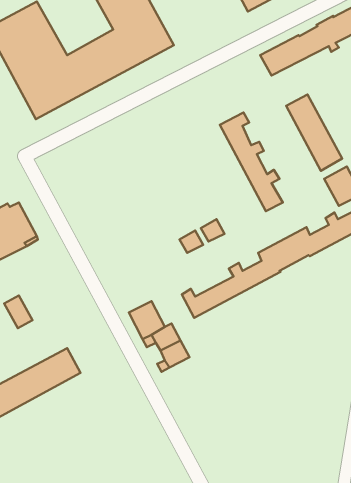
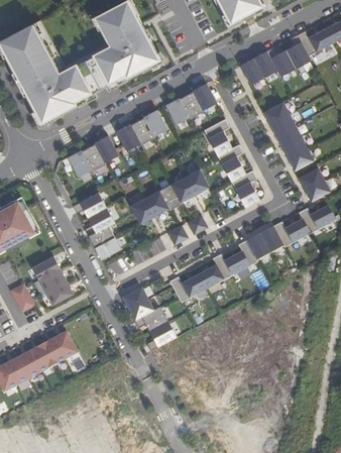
building: none -> [165,84,216,124]
building: none -> [116,110,166,150]
building: none -> [67,136,118,177]
building: none -> [130,168,209,223]
building: none -> [73,192,120,259]
building: none -> [31,255,73,305]

